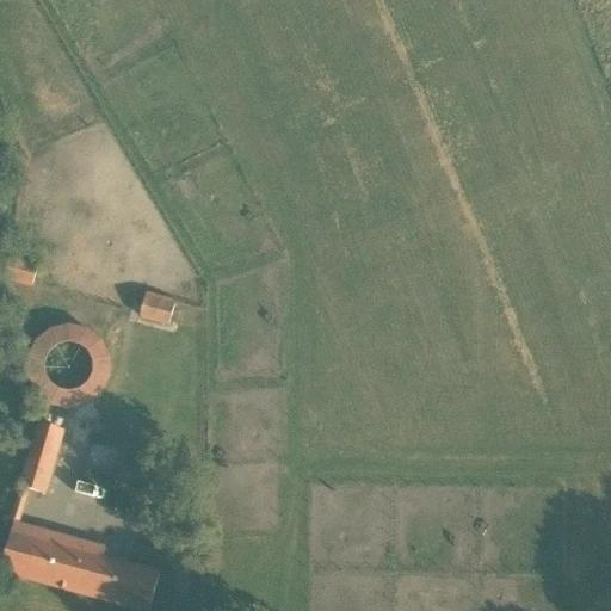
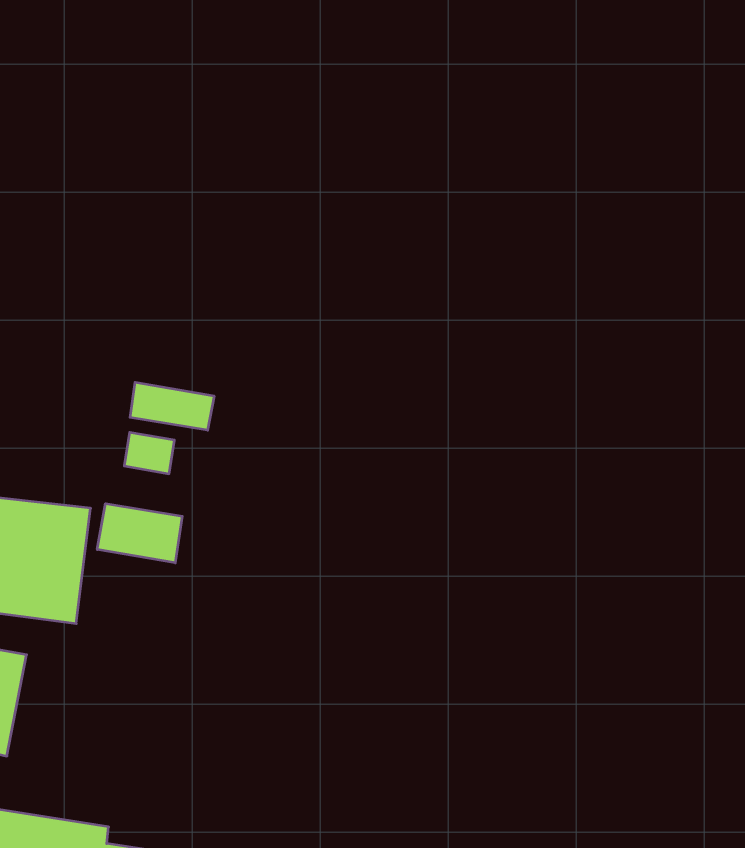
building: none -> [130,382,214,430]
building: none -> [97,504,182,563]

